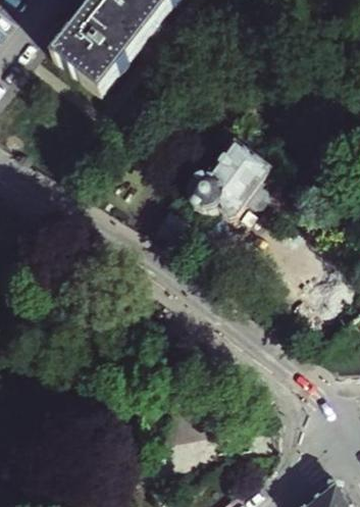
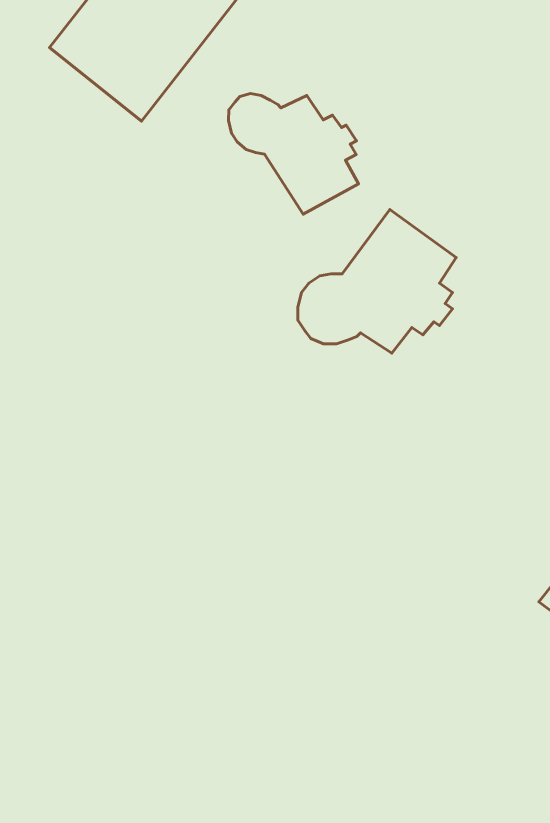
building: none -> [229,94,359,214]

